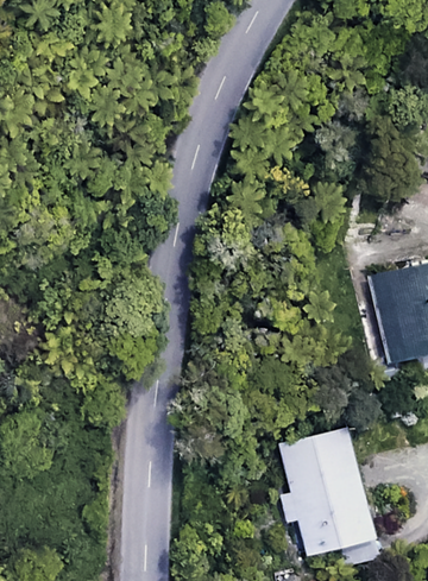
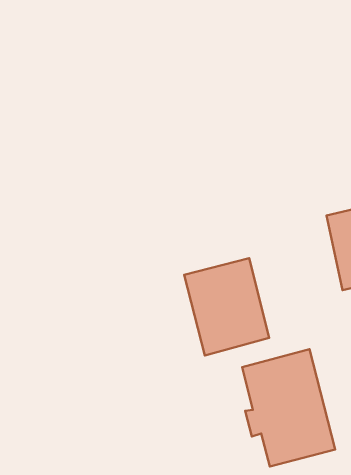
building: none -> [184,258,269,356]

